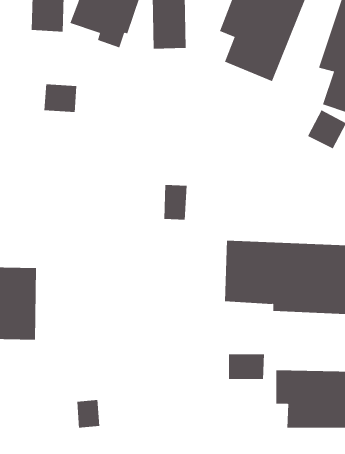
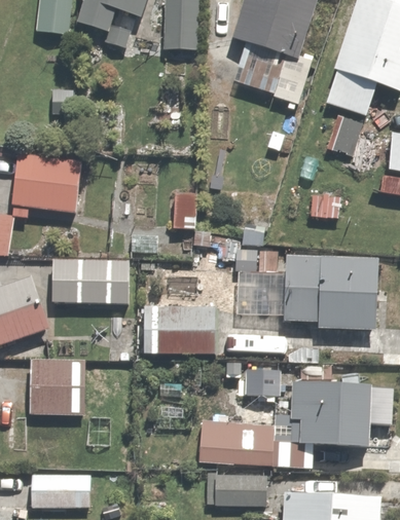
building: none -> [14,152,83,209]
building: none -> [49,261,129,303]
building: none -> [140,306,217,359]
building: none -> [31,360,83,413]
building: none -> [195,418,287,463]

